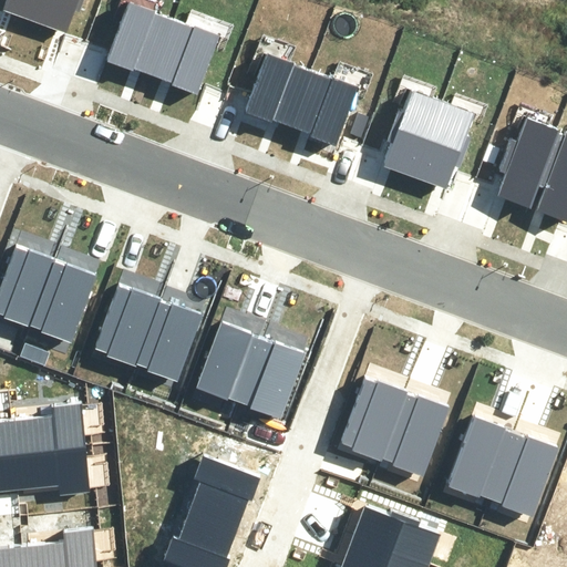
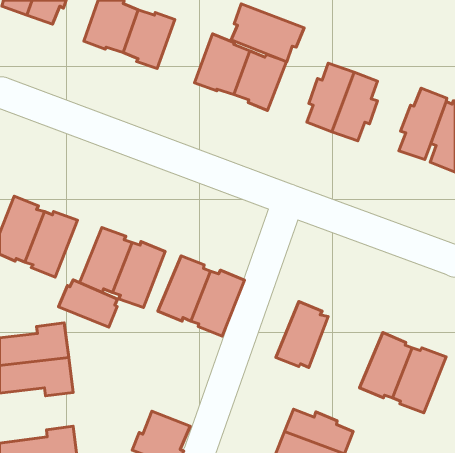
building: none -> [231,4,304,62]
building: none -> [59,280,118,327]
building: [383,396,449,478] -> none
building: [188,460,261,533] -> none

